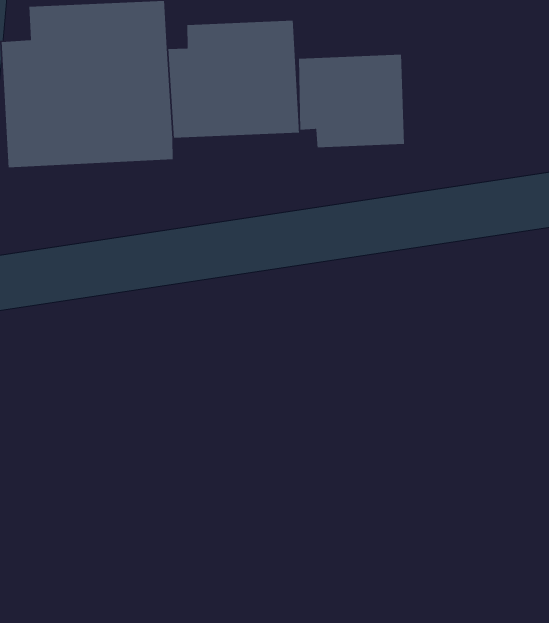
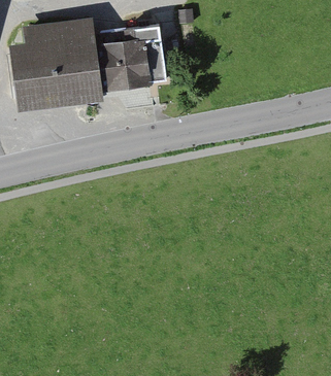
building: [298,54,405,148] -> none

